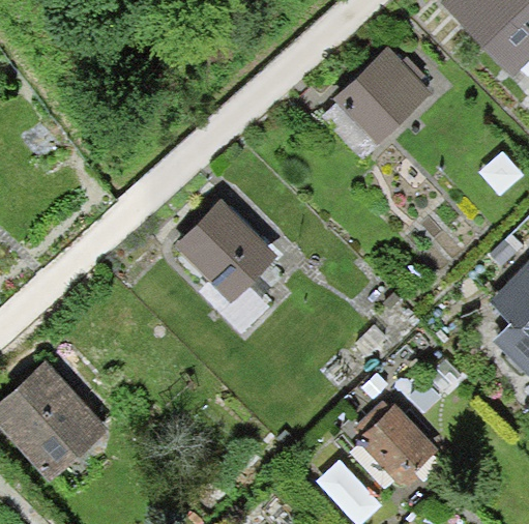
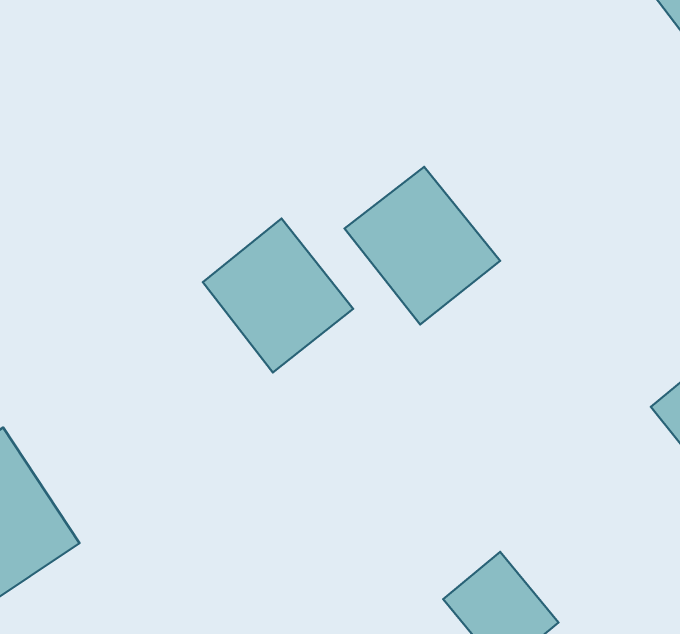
building: [332,49,433,147] -> none
building: none -> [344,167,500,324]

